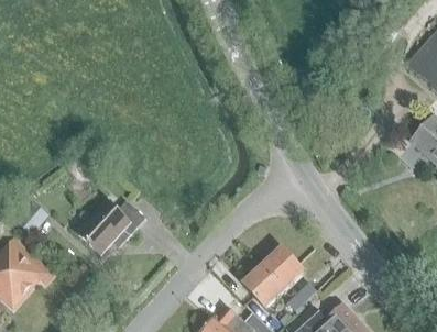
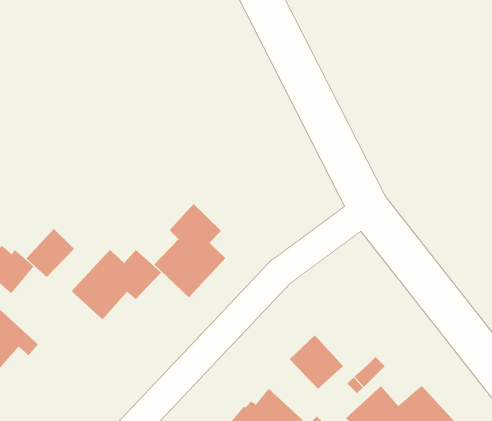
building: none -> [153,203,226,298]
building: none -> [26,228,75,278]
building: [262,247,304,289] -> none

